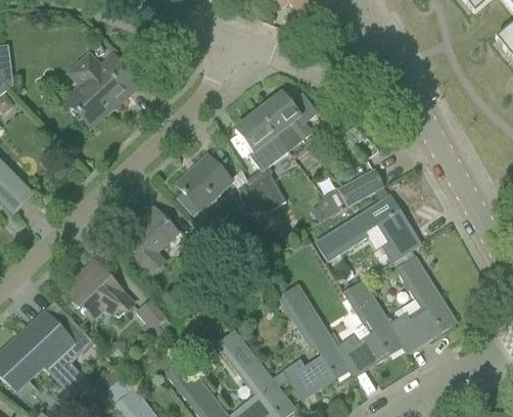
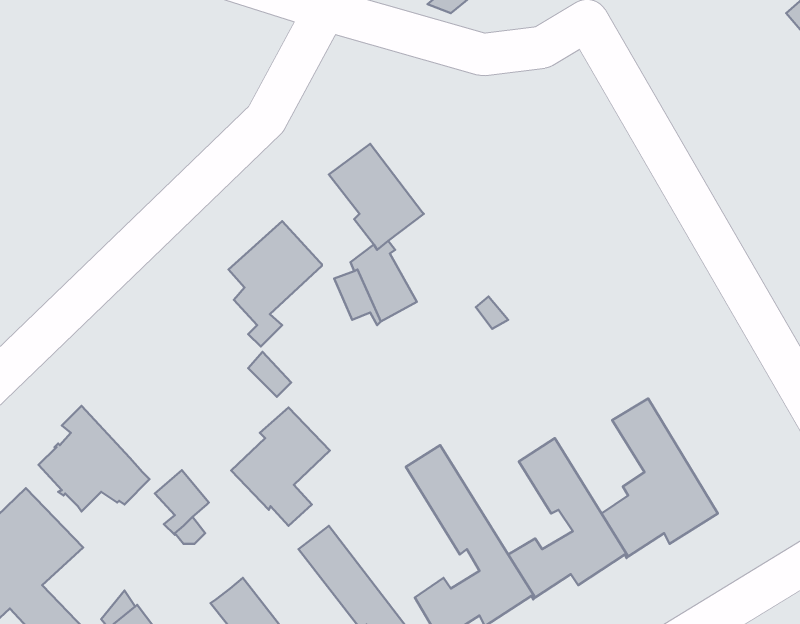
building: [65,54,140,127] -> none
building: [258,93,317,150] -> none
building: [335,169,383,207] -> none
building: [315,194,415,262] -> none
building: [121,206,177,274] -> [231,408,330,526]

